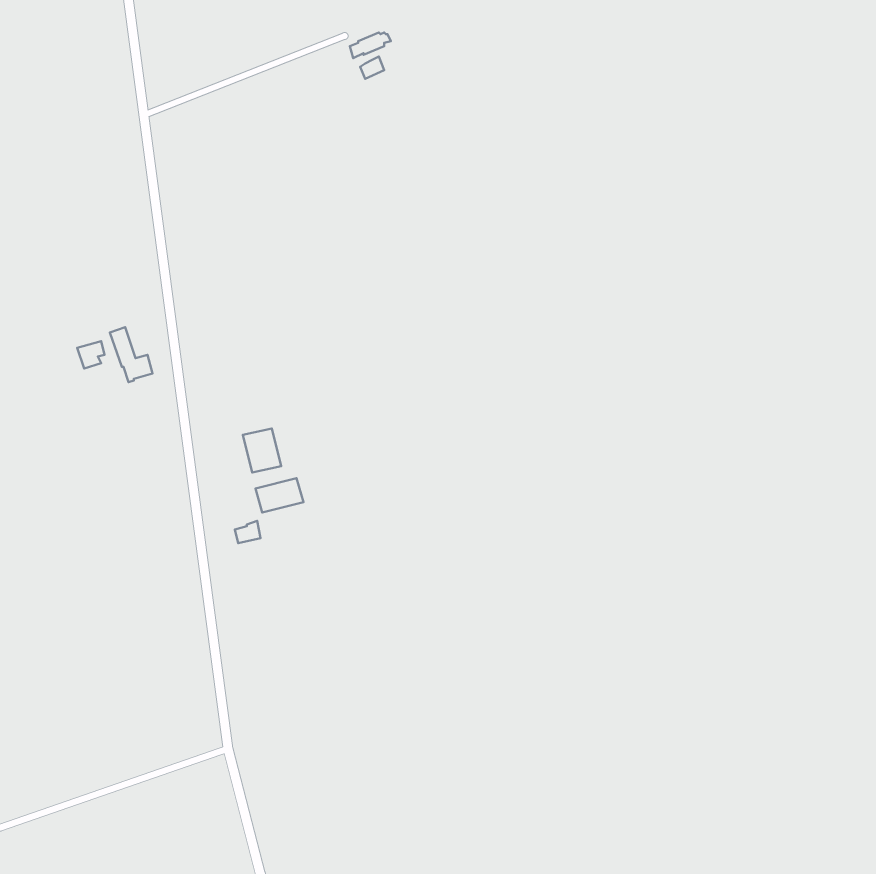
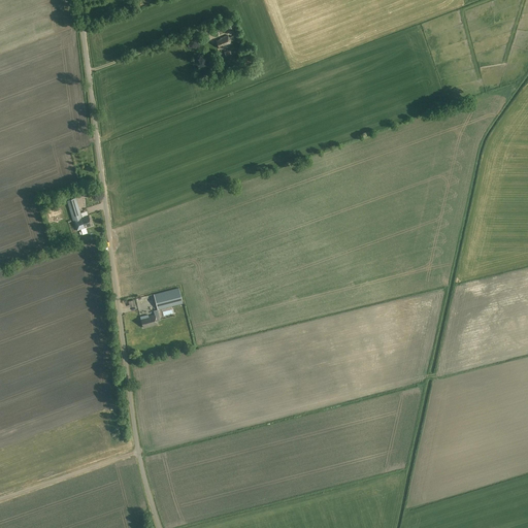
building: [243,429,281,473] -> none

